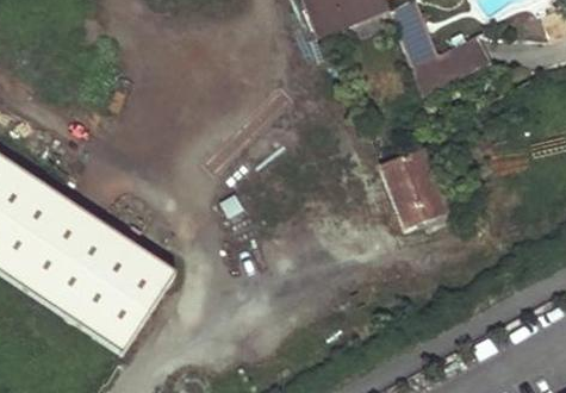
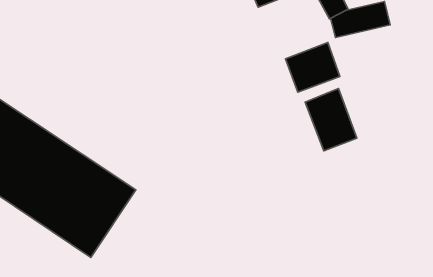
building: none -> [285,43,340,92]

